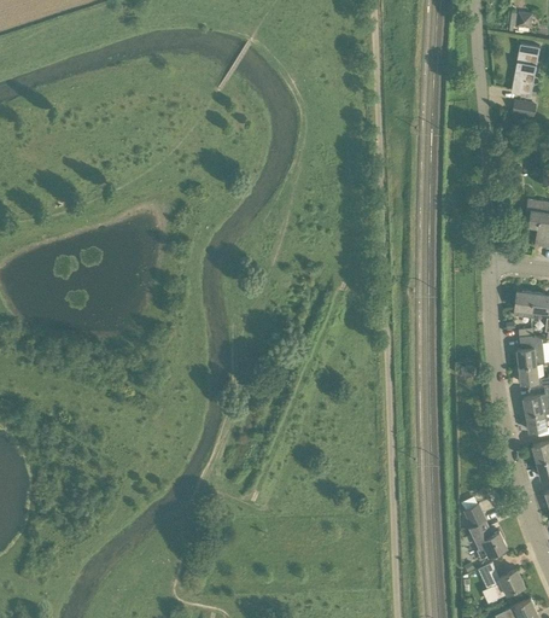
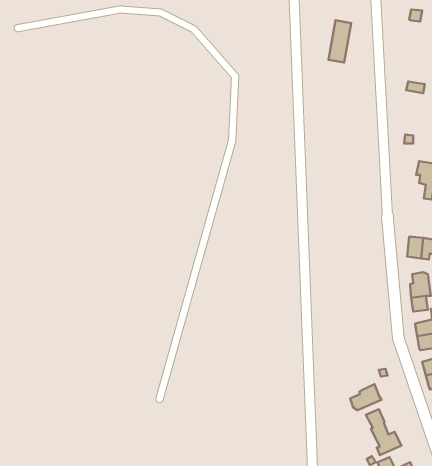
building: [510,41,538,93] -> [329,20,351,63]
building: none -> [350,384,382,410]

